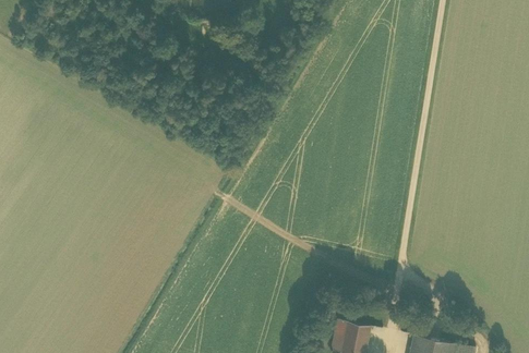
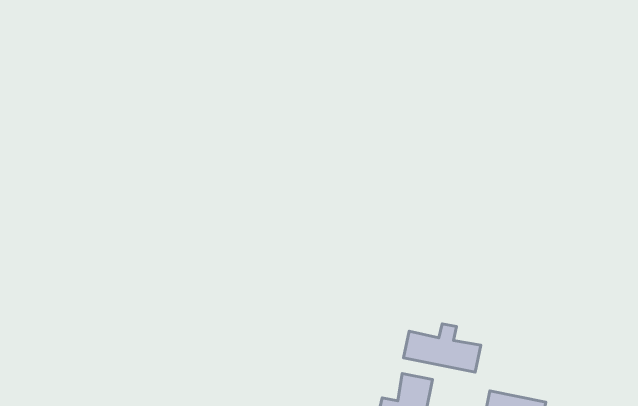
building: none -> [403,324,481,372]

